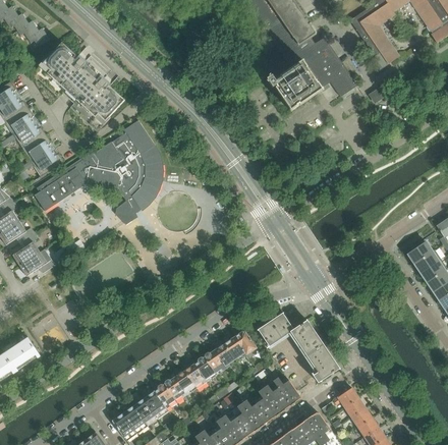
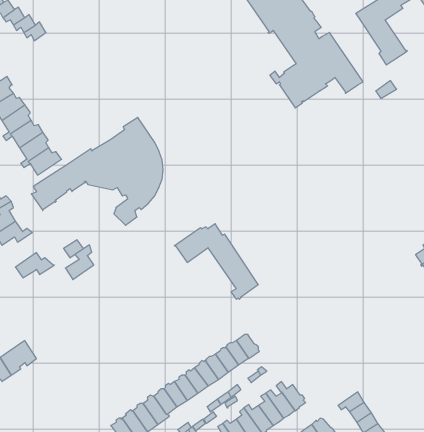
building: [32,42,124,131] -> none
building: [11,232,39,266] -> [65,245,94,280]
building: [257,309,338,382] -> [174,224,258,299]

